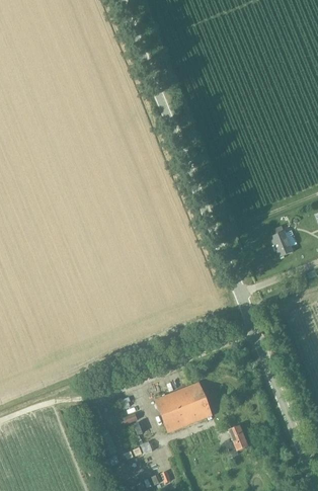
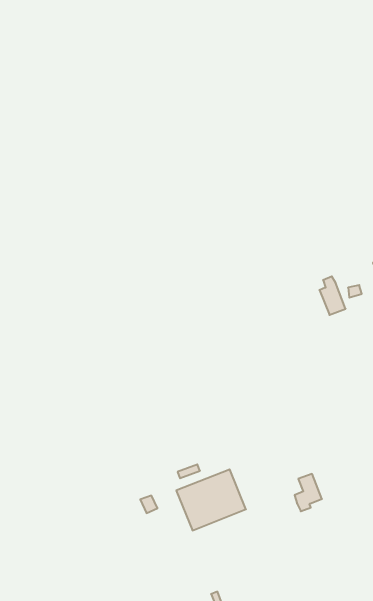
building: [226,426,248,457] -> [295,474,322,511]

